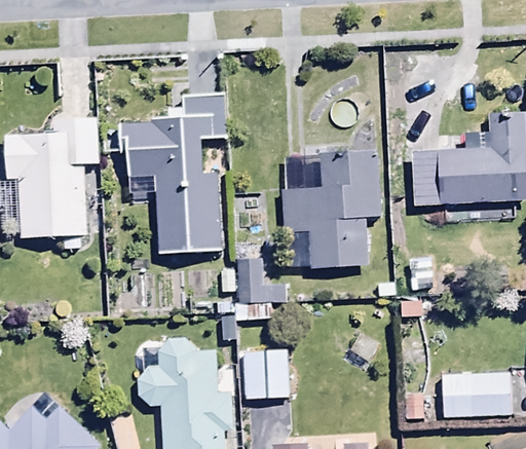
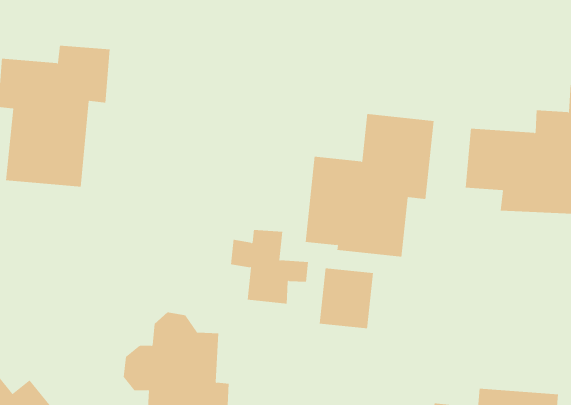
building: [125,92,230,255] -> none
building: [247,349,289,398] -> [319,268,374,329]

